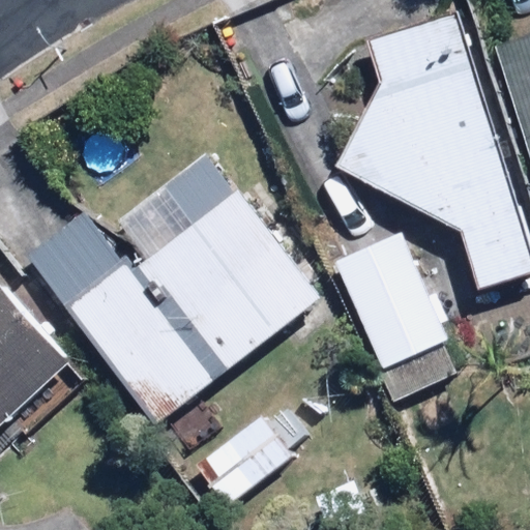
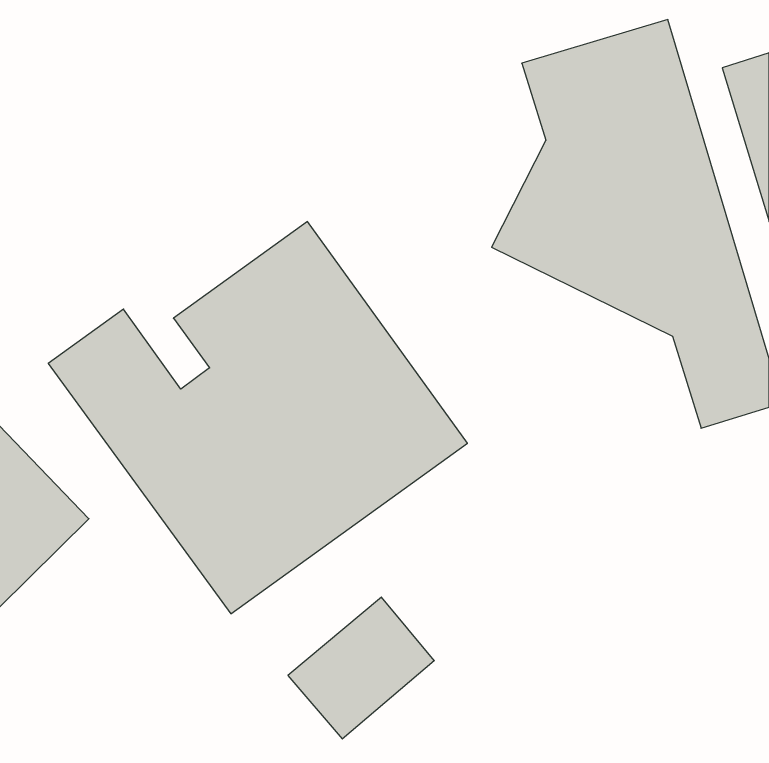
building: [333,230,460,403] -> none

